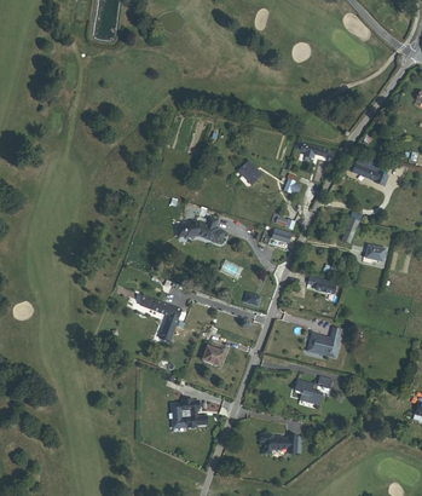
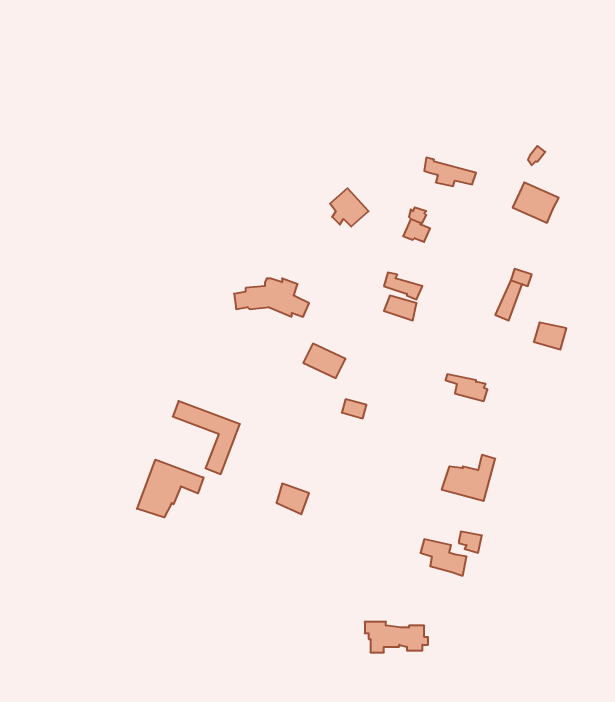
building: none -> [137,460,204,517]
building: [168,398,207,427] -> none

